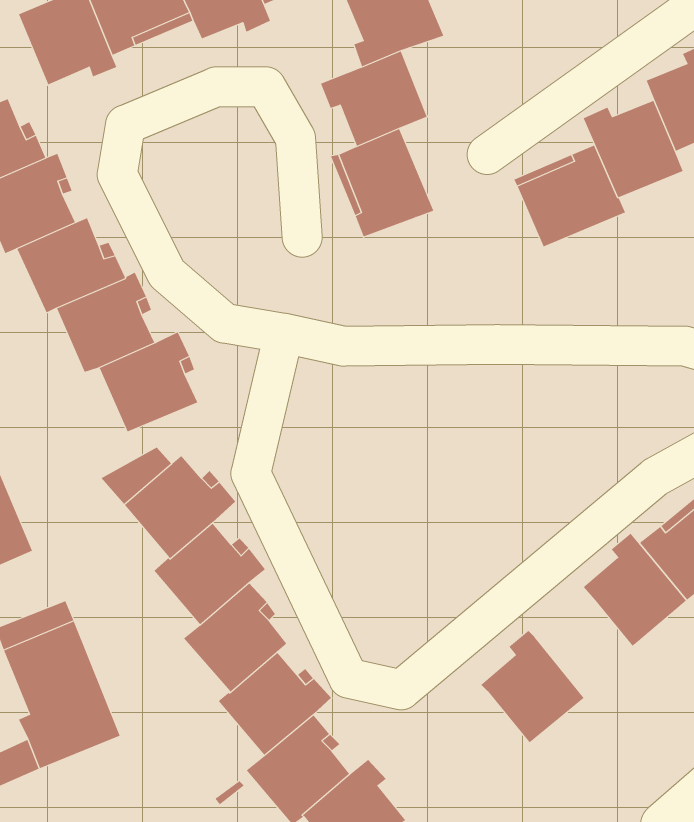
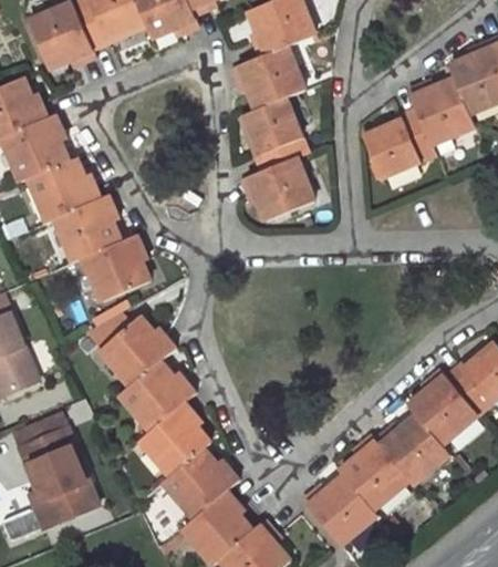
building: none -> [241,158,313,221]
building: none -> [375,415,449,485]
building: none -> [302,476,376,546]

